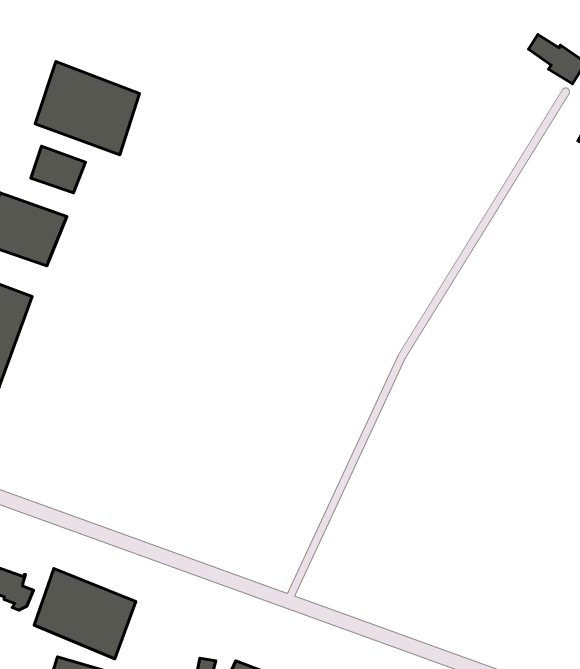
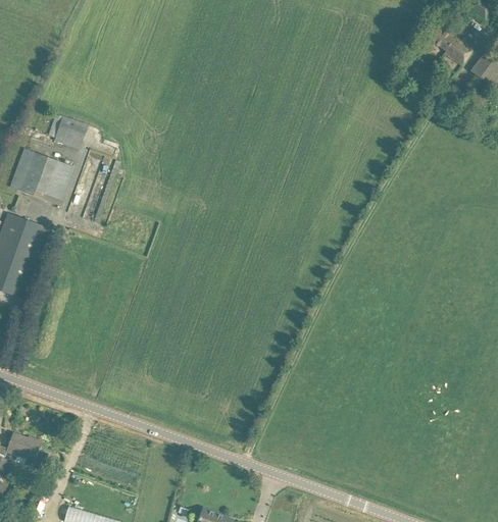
building: [35,61,139,155] -> none
building: [34,569,136,659] -> none

